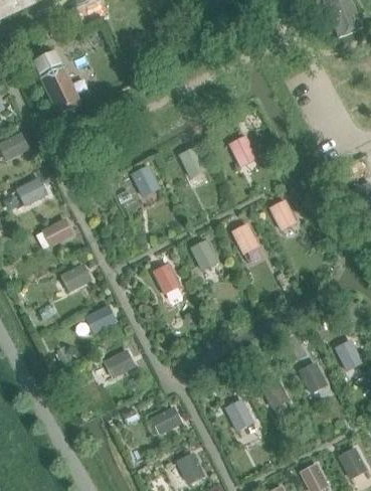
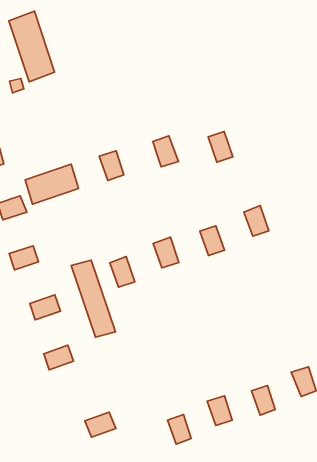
building: none -> [25,164,78,204]
building: none -> [71,260,115,337]

